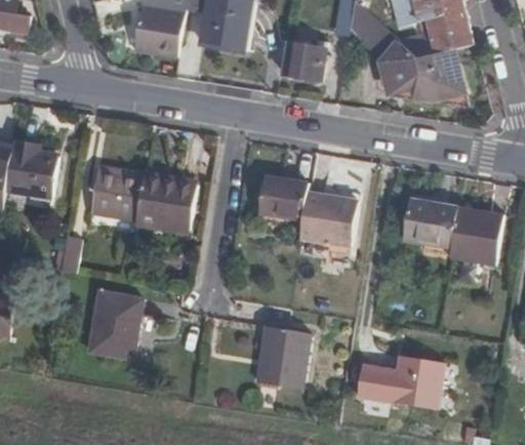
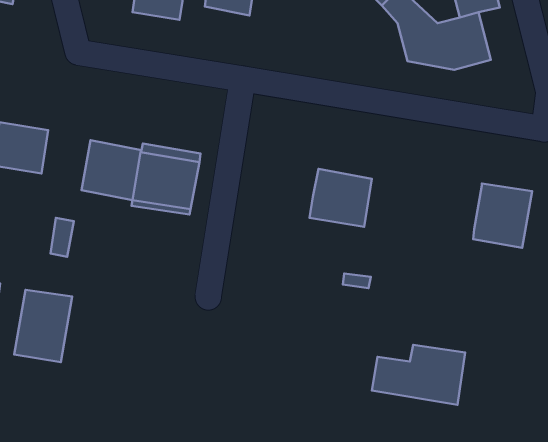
building: [283,42,325,78] -> none
building: [255,174,307,217] -> none
building: [401,198,456,247] -> none
building: [87,290,140,357] -> [14,290,72,362]
building: [255,326,307,388] -> none

